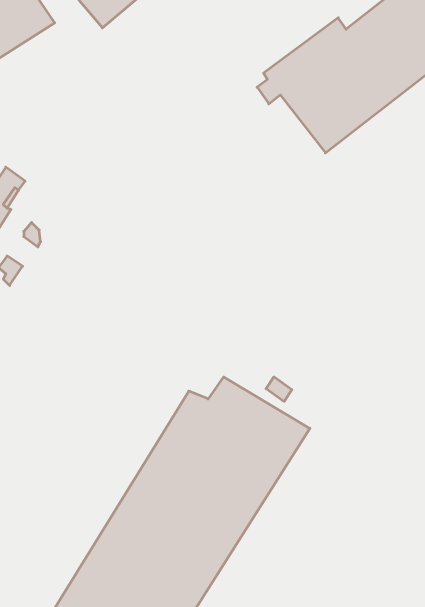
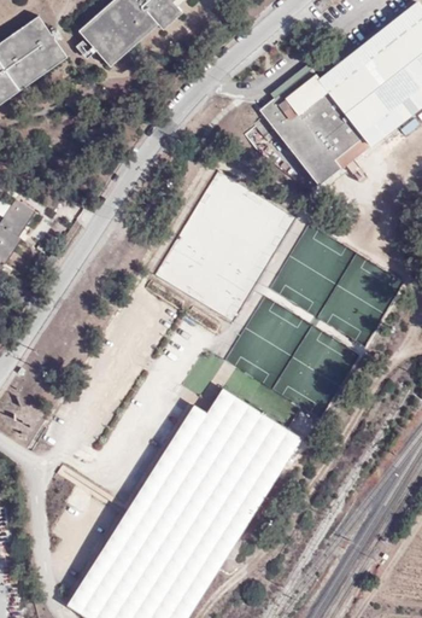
building: none -> [157,171,295,321]

